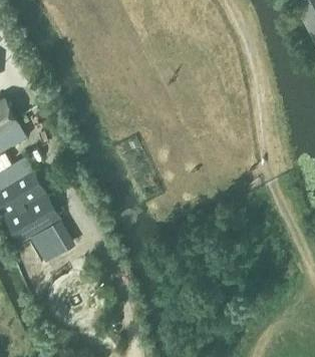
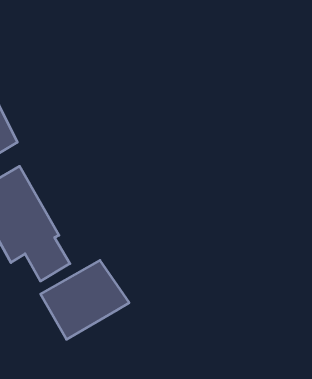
building: none -> [41,260,129,339]

